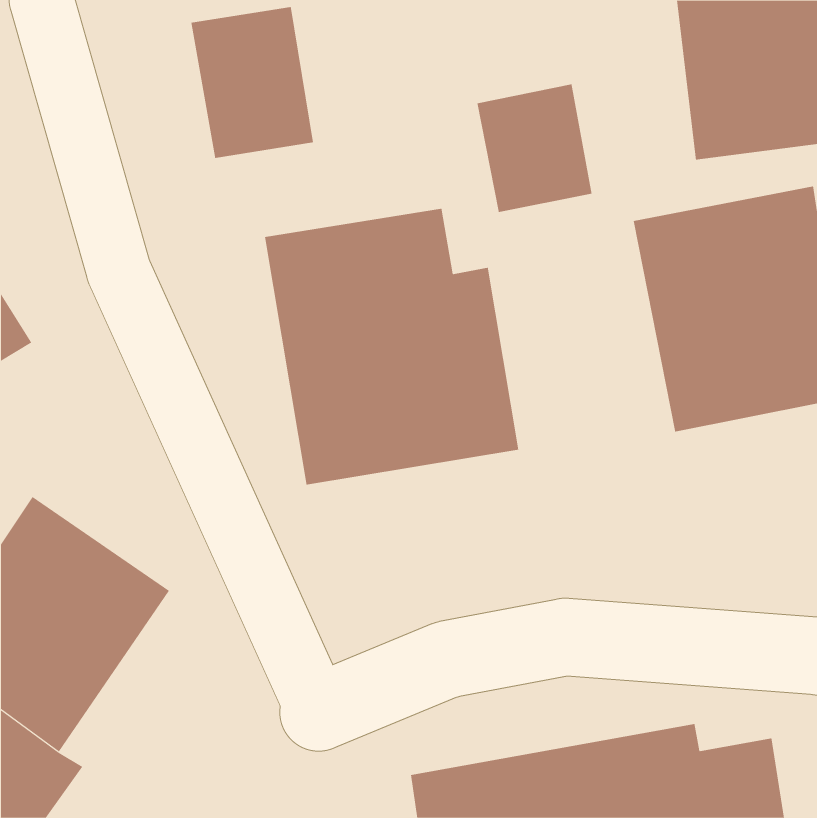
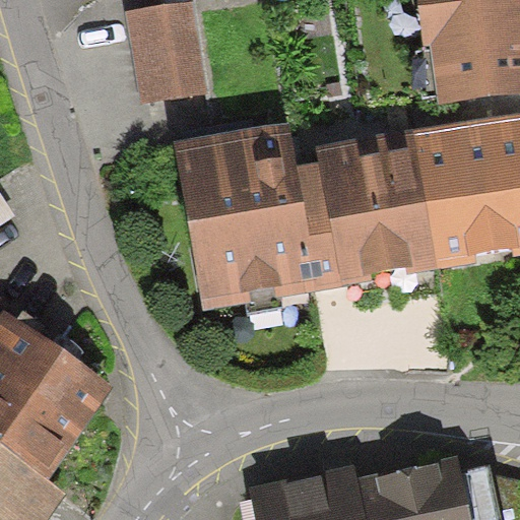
building: [477,84,592,213] -> none
building: none -> [307,140,429,285]

